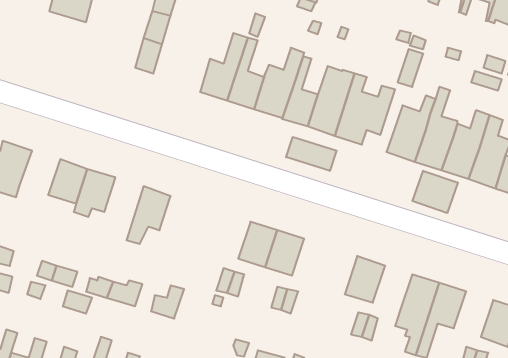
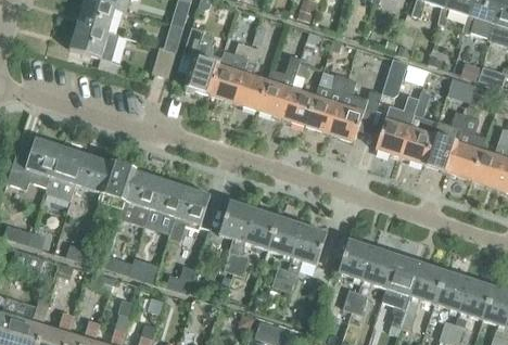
building: none -> [69,22,120,61]
building: none -> [178,26,219,93]
building: [286,137,337,171] -> none
building: none -> [46,145,87,200]
building: [412,171,458,213] -> none
building: none -> [120,169,161,225]
building: none -> [168,186,211,241]
building: none -> [219,200,255,241]
building: none -> [292,223,328,276]
building: none -> [364,247,398,288]
building: none -> [435,270,470,310]

